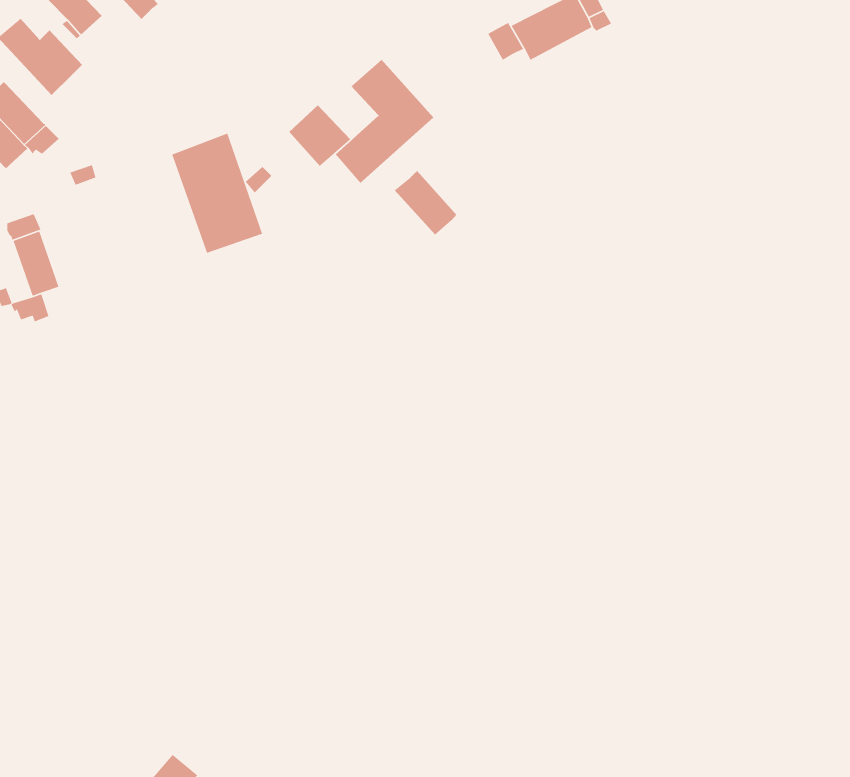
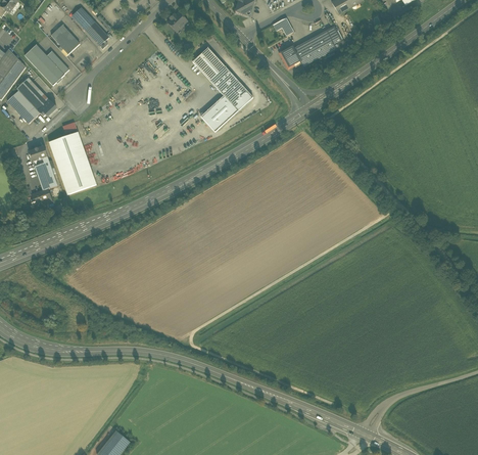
building: [289,105,351,167] -> [192,47,225,80]
building: [171,133,263,254] -> [48,131,96,194]
building: [394,170,457,235] -> none

